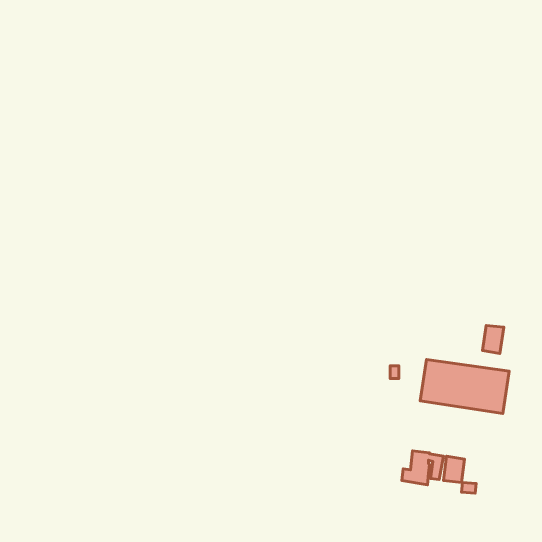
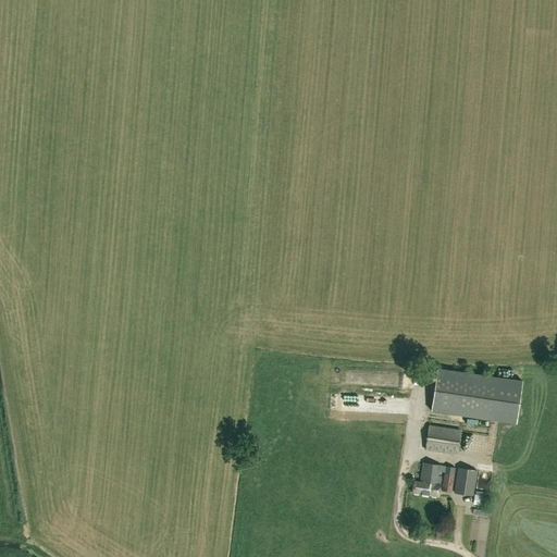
building: [482,325,504,353] -> none
building: none -> [425,425,460,455]

